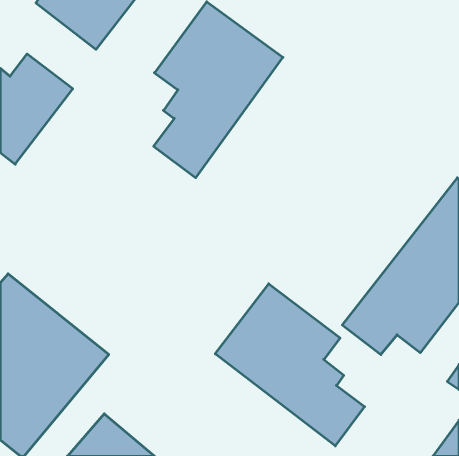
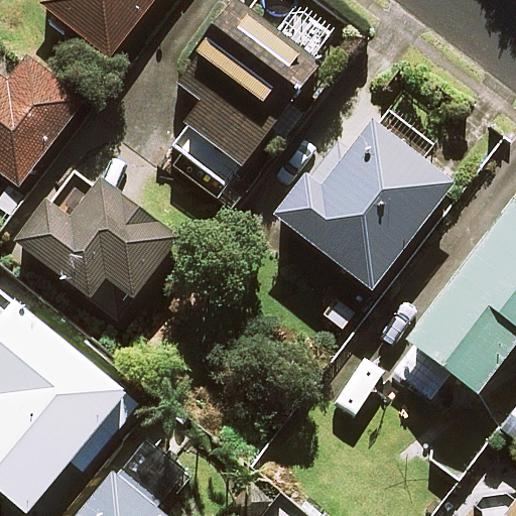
building: none -> [275,117,453,288]
building: none -> [18,176,178,318]
building: [215,284,365,446] -> none

